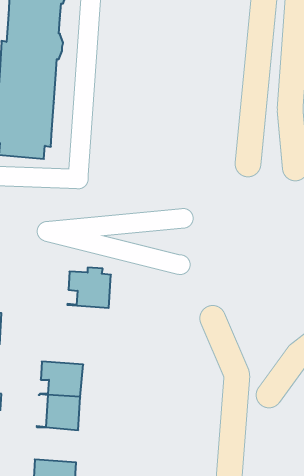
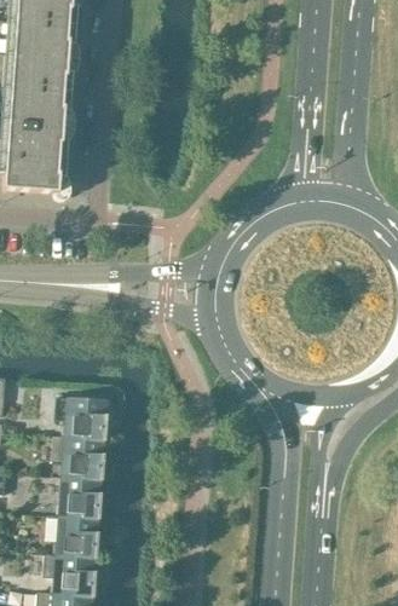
building: [67,268,111,308] -> [56,391,108,439]
building: none -> [47,514,99,556]

